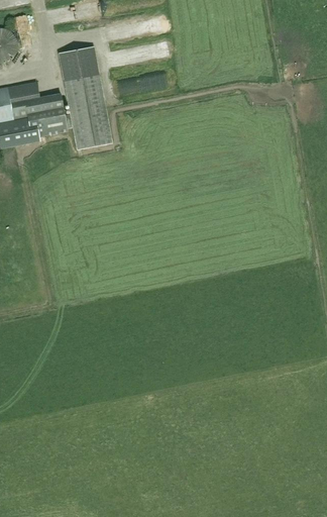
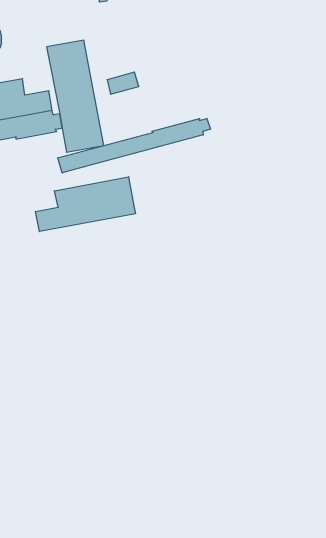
building: none -> [58,118,210,173]
building: none -> [36,177,135,232]

